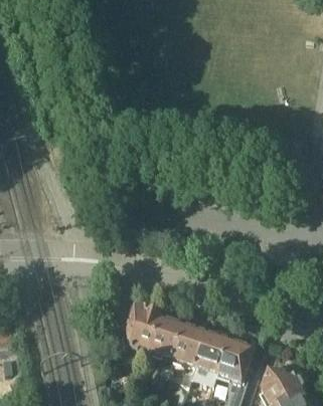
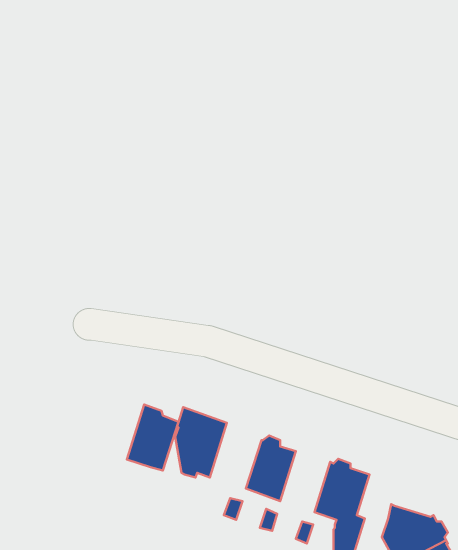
building: [148,309,181,351] -> [127,405,179,470]
building: [193,325,225,366] -> none

